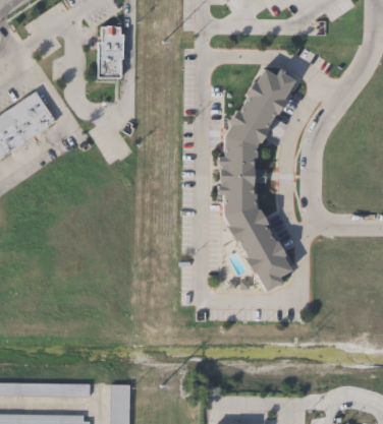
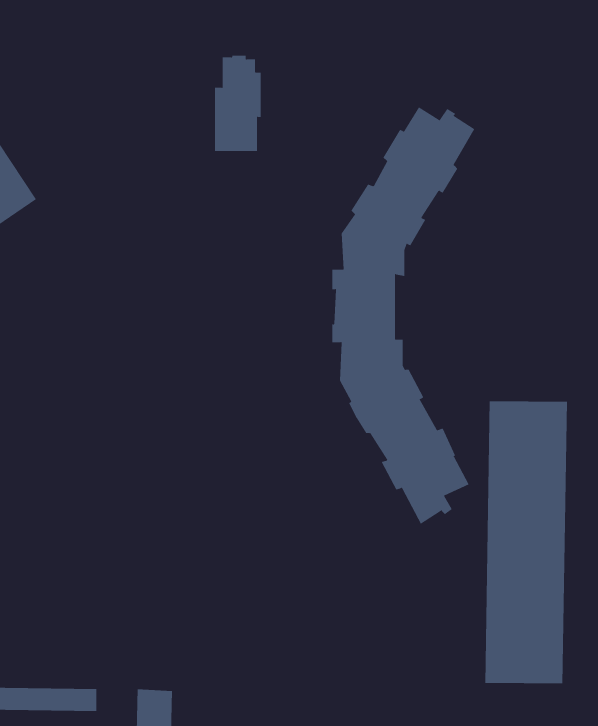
building: [95,25,120,77] -> [214,55,262,152]
building: none -> [485,401,567,684]

